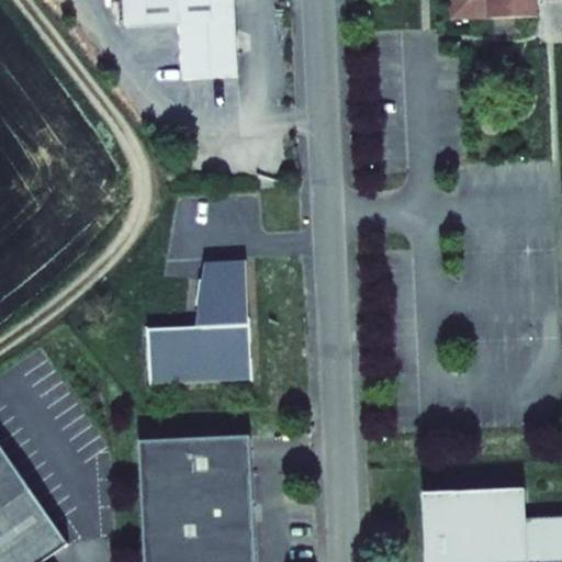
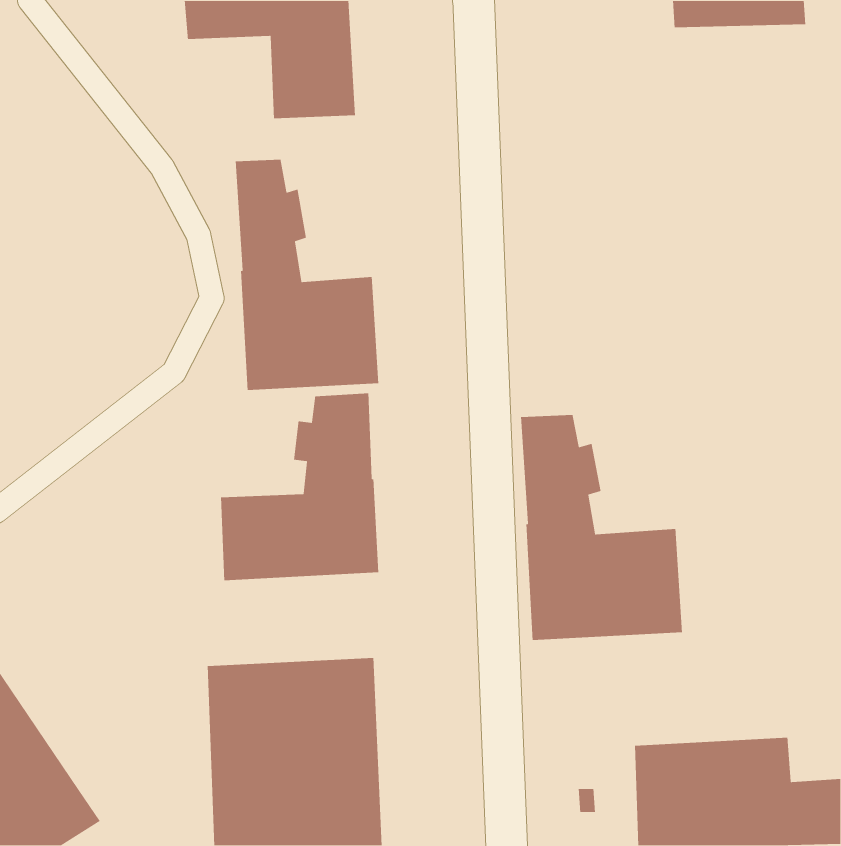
building: none -> [235,159,379,391]
building: none -> [520,414,683,641]

